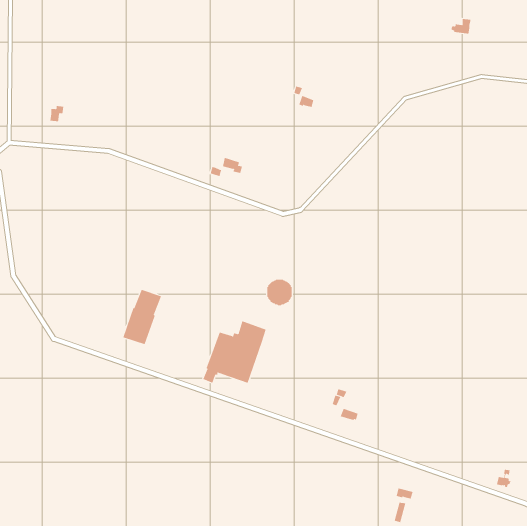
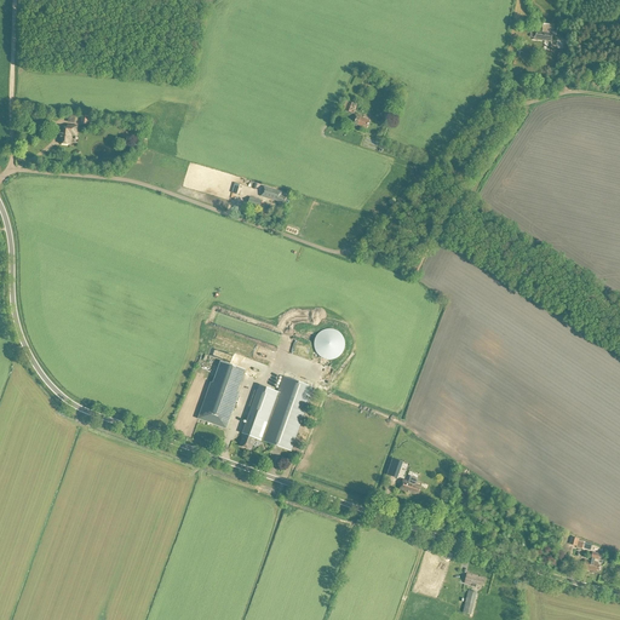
building: [123,289,162,345] -> [199,361,245,426]

